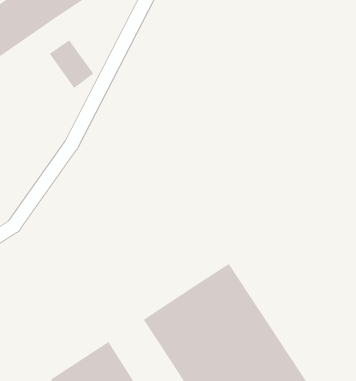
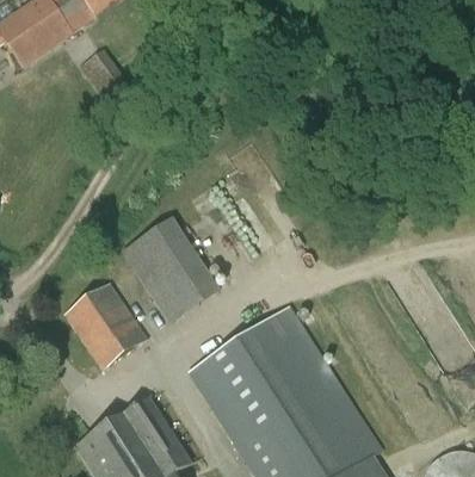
building: none -> [122,216,220,322]
building: none -> [62,279,147,370]

